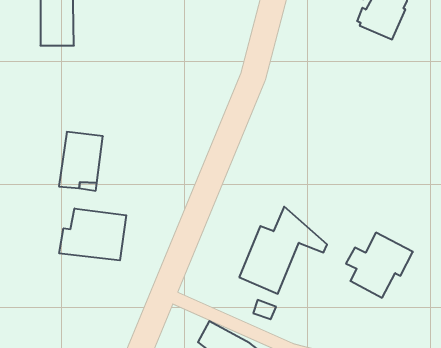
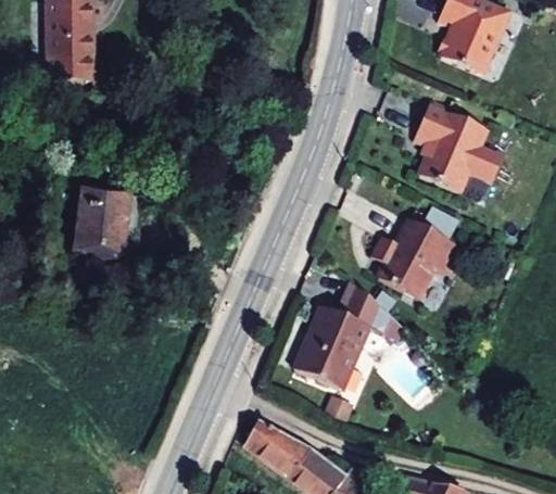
building: none -> [416,101,502,190]
building: [59,208,126,260] -> none
building: [346,233,413,298] -> [374,216,456,296]

